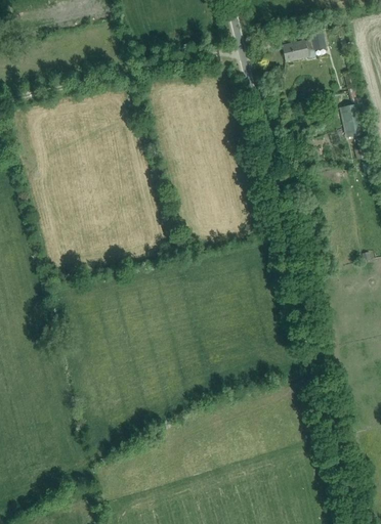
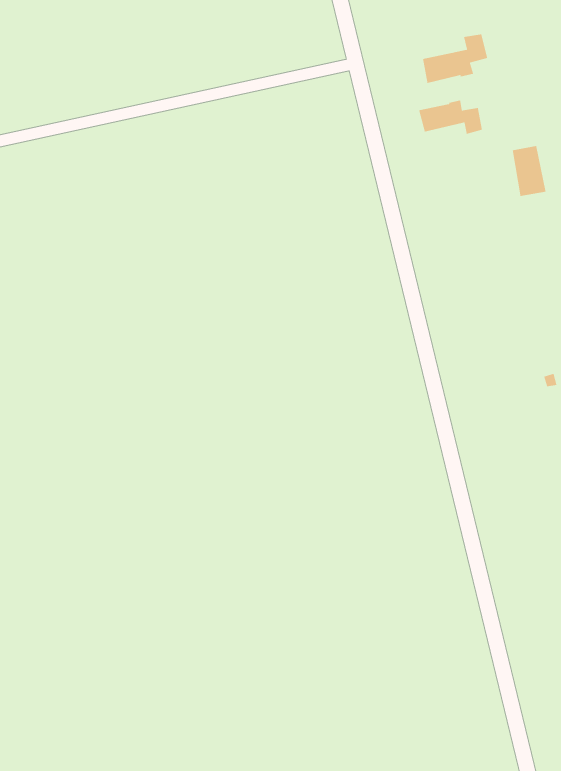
building: none -> [418,99,483,135]

